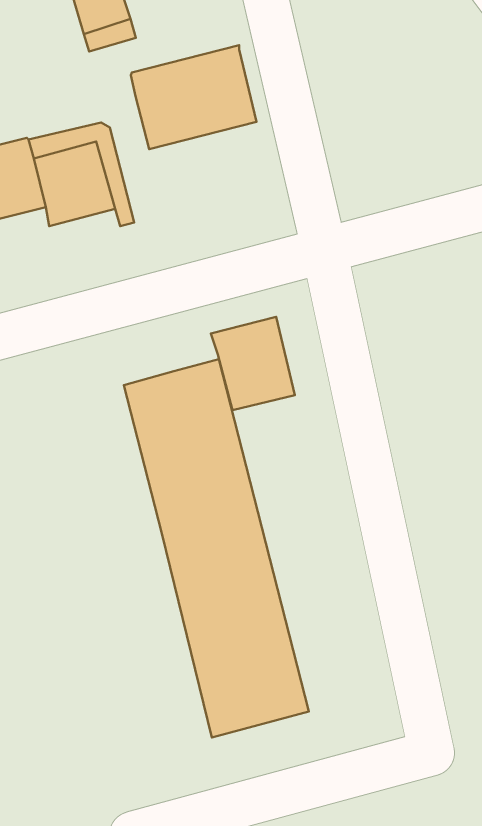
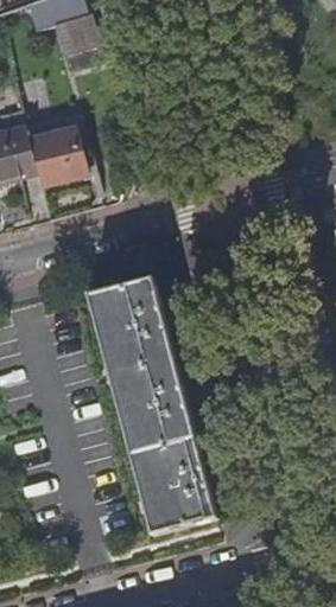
building: [131,45,256,149] -> none
building: [211,317,295,410] -> none

